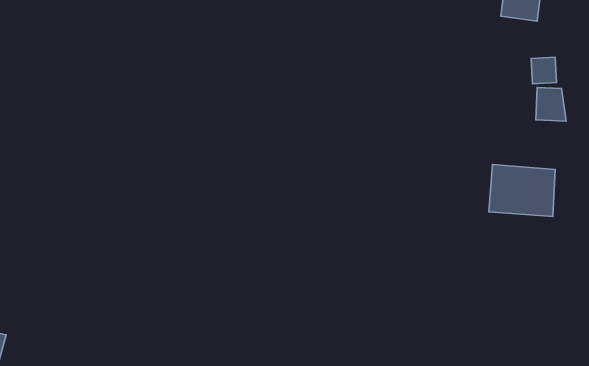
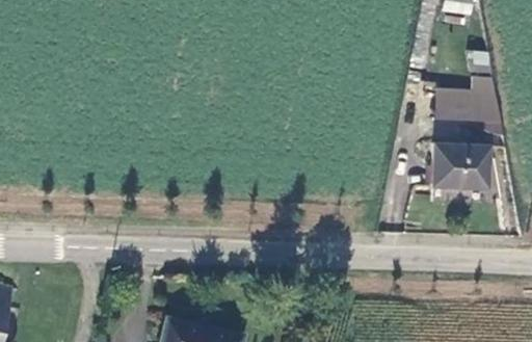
building: none -> [433,101,501,126]

